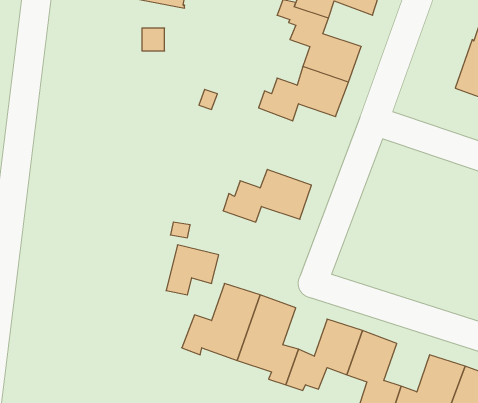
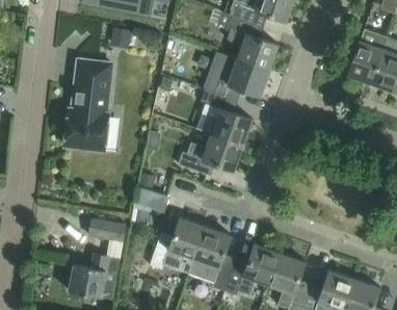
building: none -> [64,59,111,150]
building: none -> [200,89,252,146]
building: none -> [88,219,126,241]
building: none -> [69,254,121,300]

